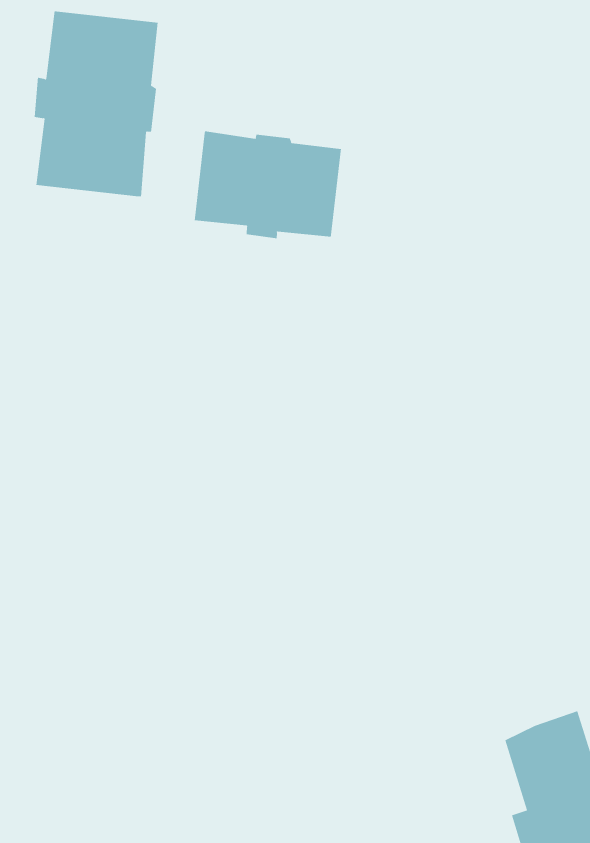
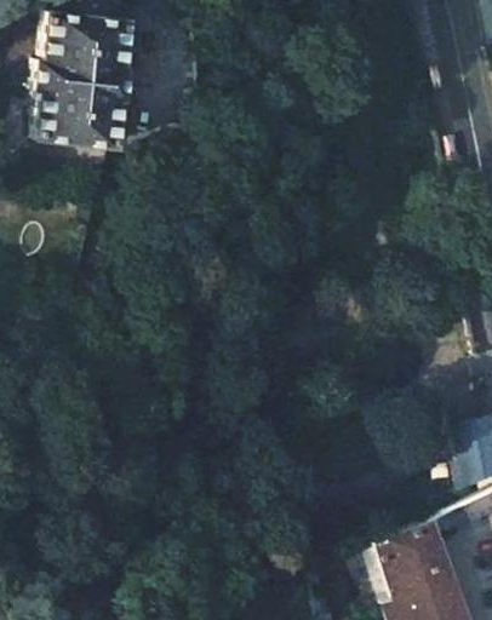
building: [194,130,341,239] -> none

